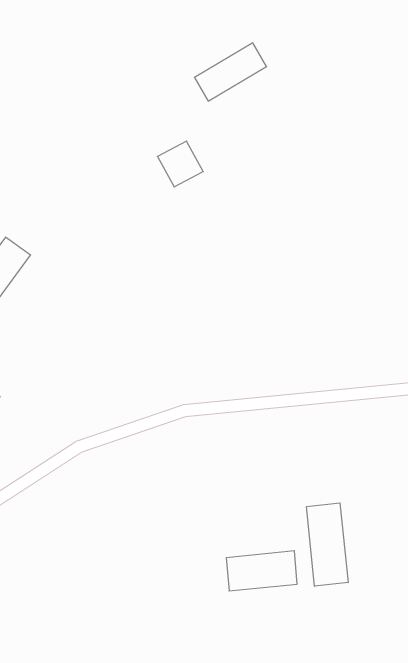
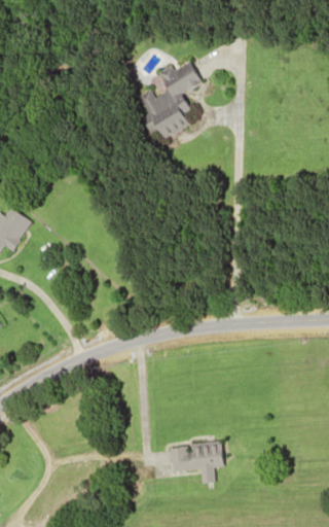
building: [157,141,203,187] -> [153,102,187,136]
building: [307,503,348,586] -> none

